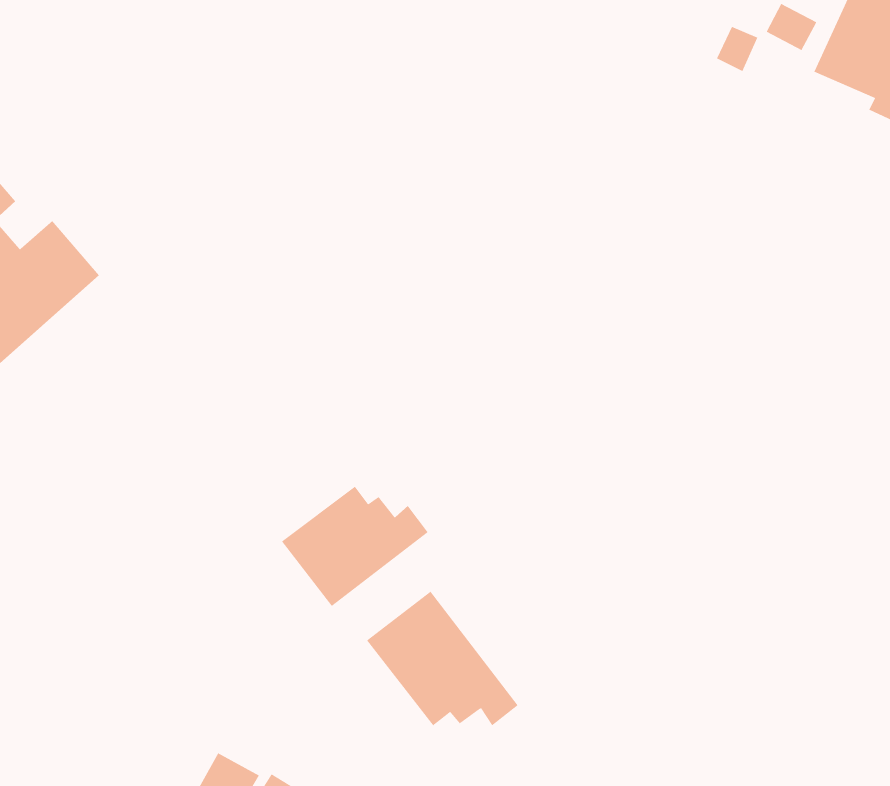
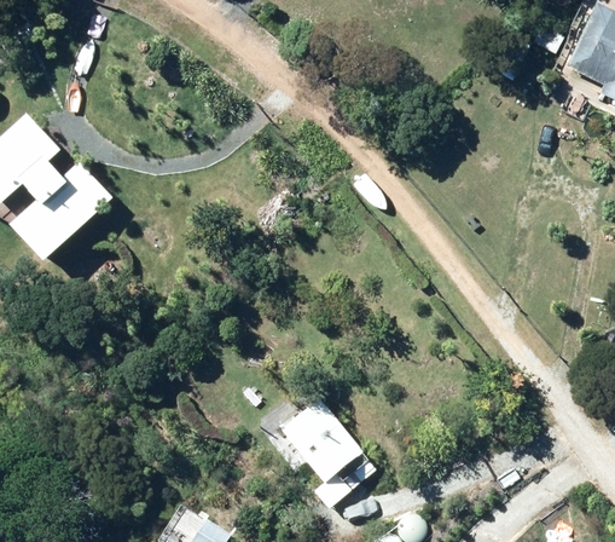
building: [281,486,429,607] -> none

